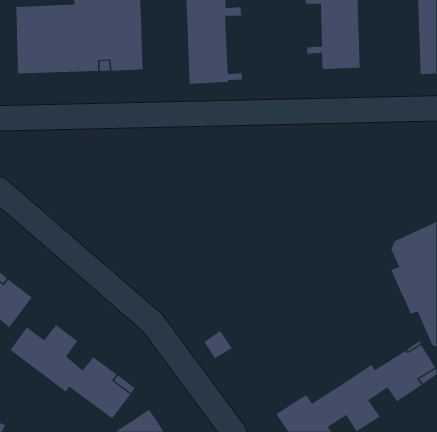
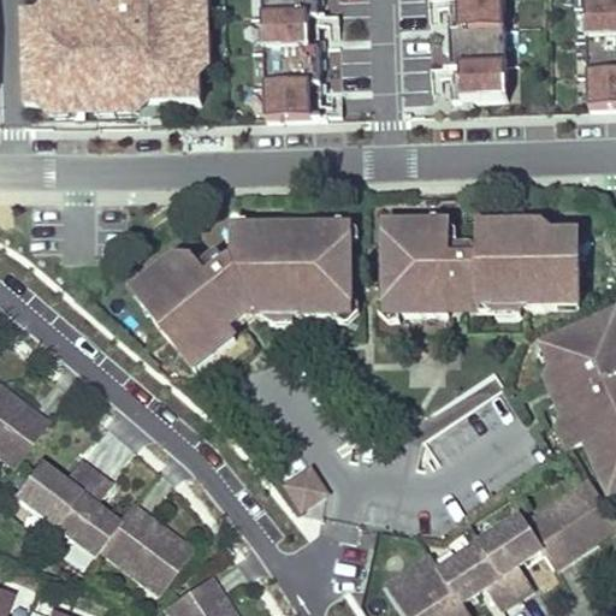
building: none -> [387,221,580,312]
building: none -> [134,224,351,365]

